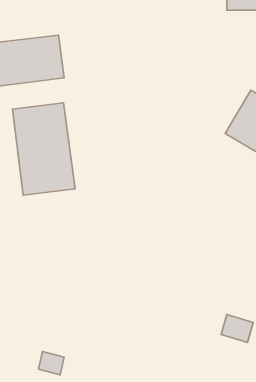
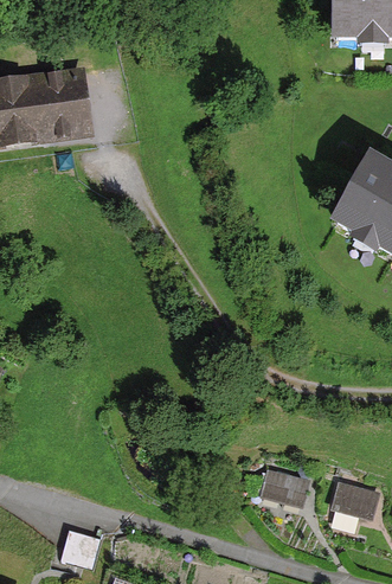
building: [12,103,75,195] -> none
building: none -> [261,470,308,509]

